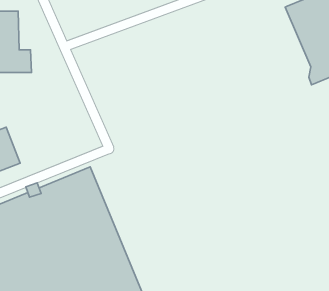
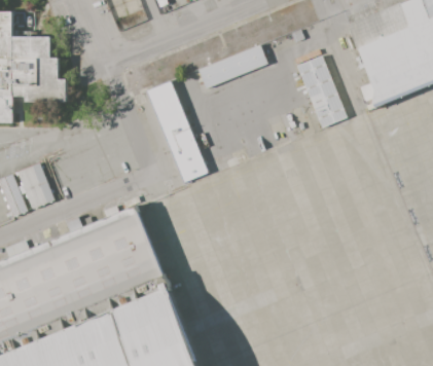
building: none -> [196,47,267,93]
building: none -> [296,57,348,131]
building: none -> [144,77,206,178]

